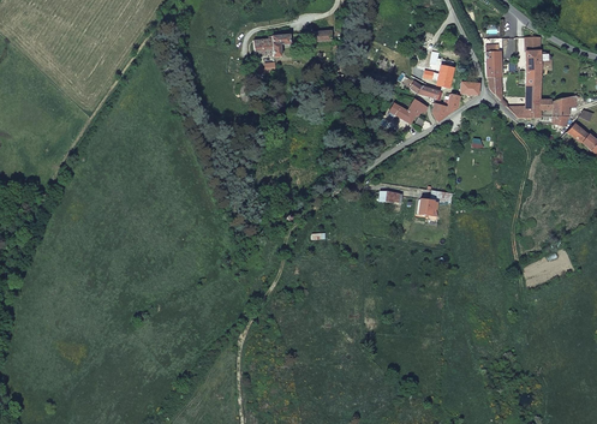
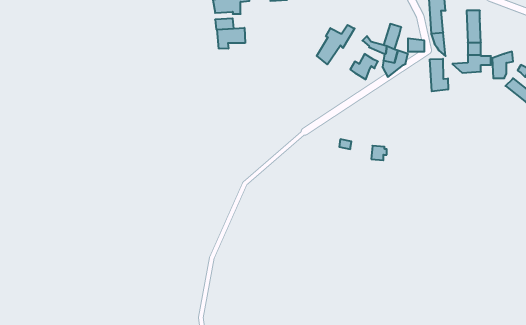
building: none -> [317,25,355,64]
building: none -> [217,28,245,49]
building: none -> [430,59,448,91]

